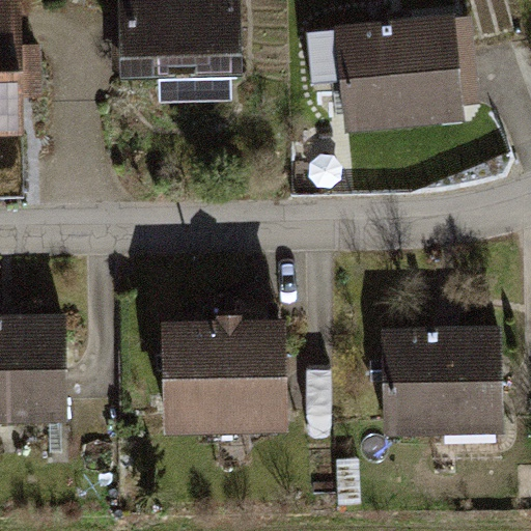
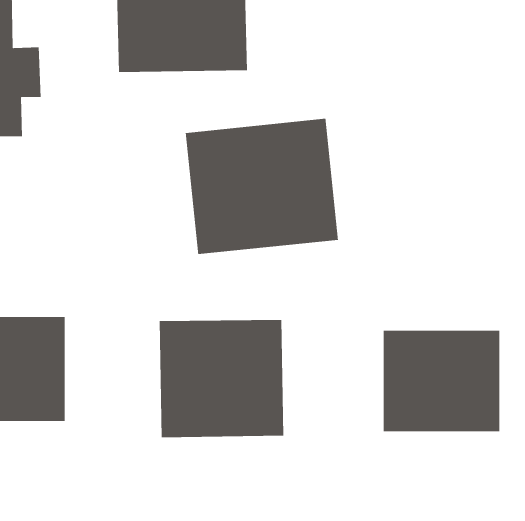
building: [331,11,481,132] -> none
building: none -> [185,118,338,255]

